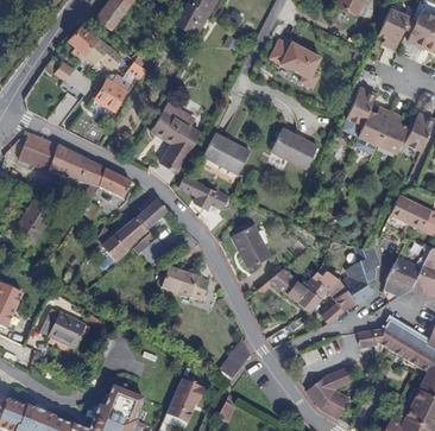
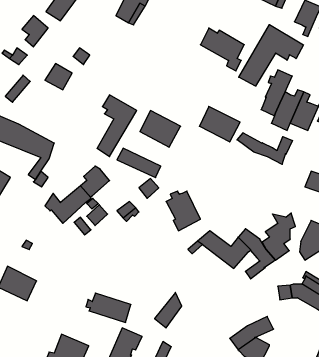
building: none -> [239,25,303,86]
building: [87,38,122,68] -> none
building: none -> [237,133,292,164]
building: [100,169,132,198] -> none
building: [158,267,209,300] -> [86,293,131,322]

